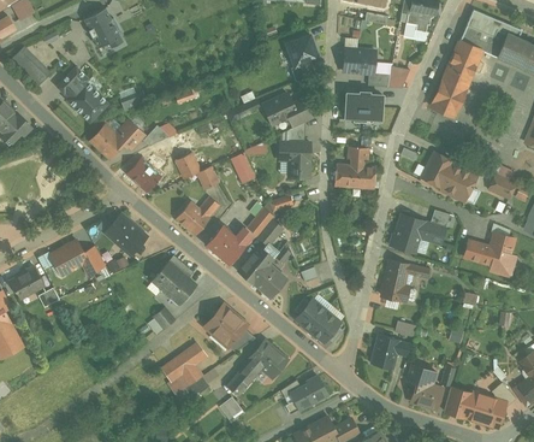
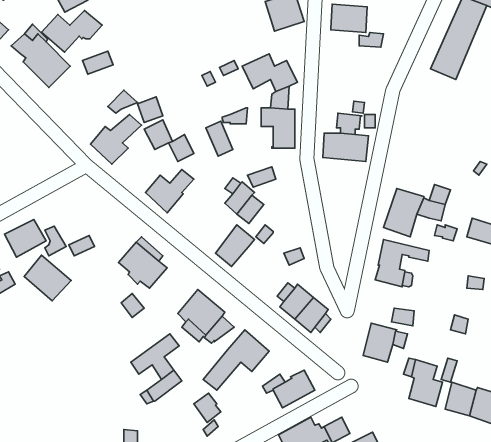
building: [344,94,380,124] -> none
building: [89,120,143,158] -> [42,10,102,52]
building: [421,152,477,201] -> none
building: [105,213,147,254] -> [24,255,71,301]
building: [207,226,251,263] -> none
building: [253,264,286,297] -> none

